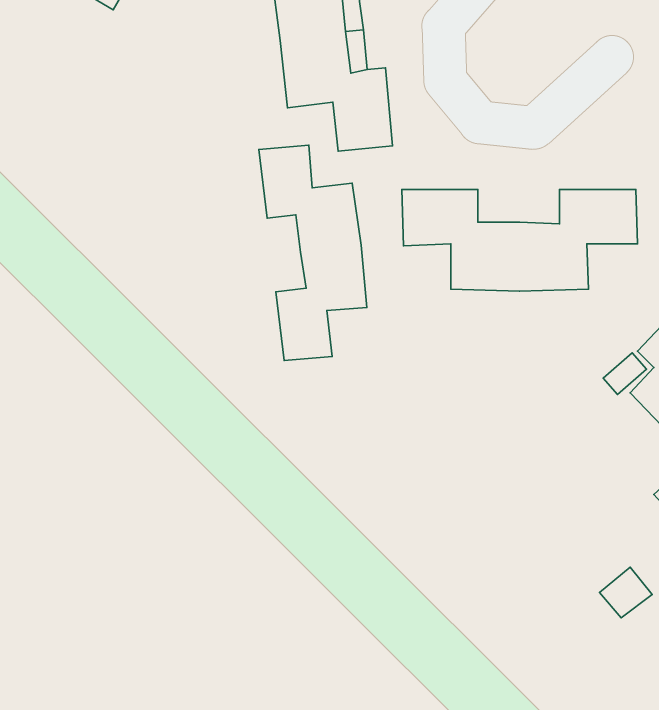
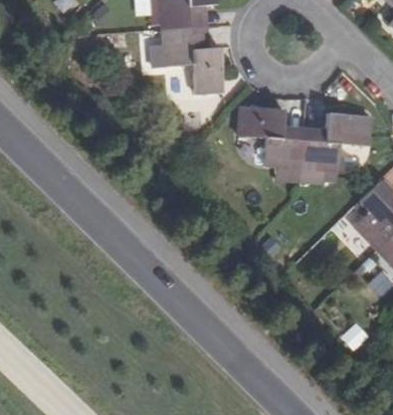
building: [259,145,367,361] -> none

